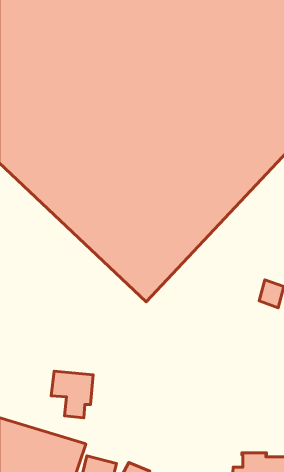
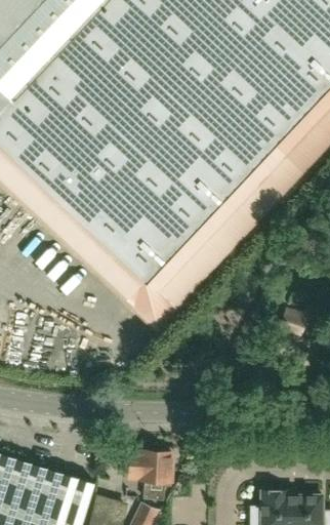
building: [51,371,93,418] -> [127,449,172,499]

